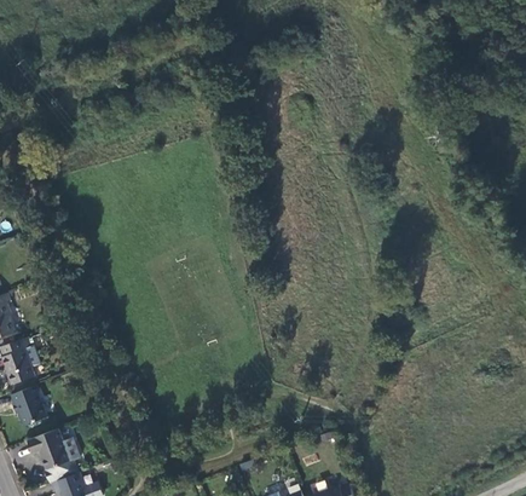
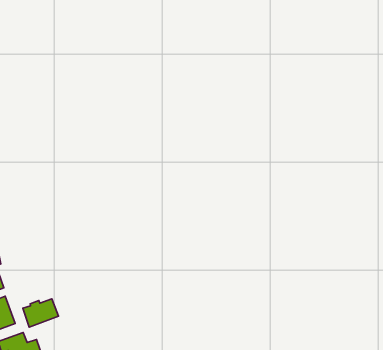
building: none -> [23,299,58,327]

